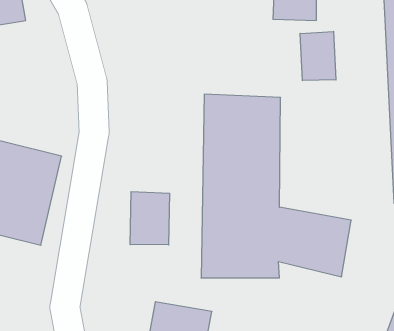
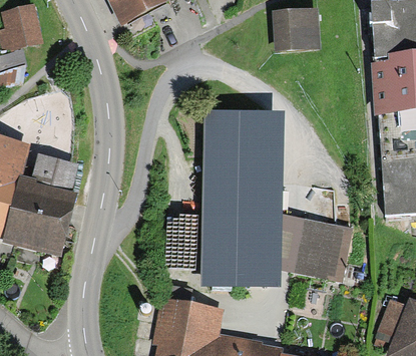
building: [300,31,336,81] -> none
building: [130,192,169,245] -> none

